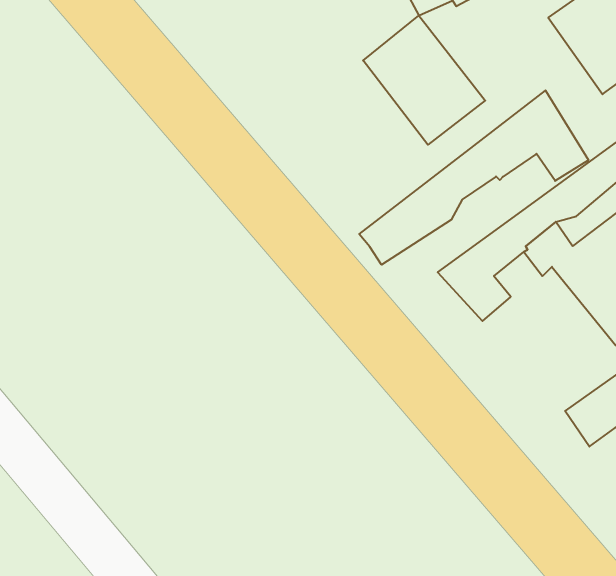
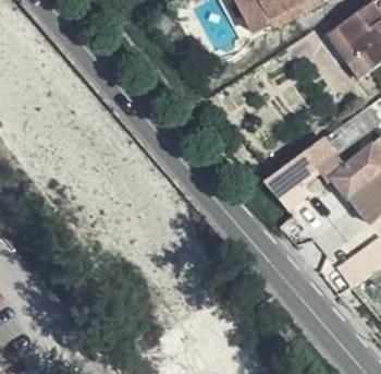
building: [363,16,485,145] -> none
building: [359,90,588,265] -> none

